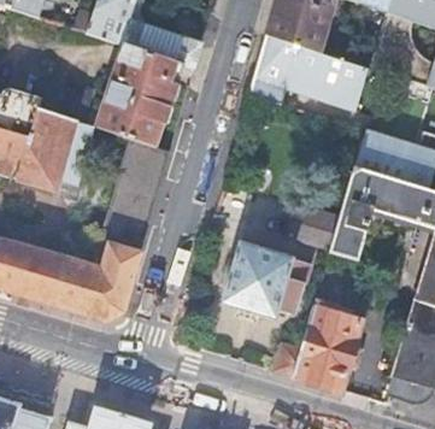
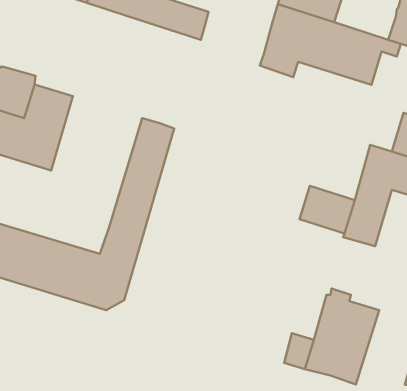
building: [96,43,184,145] -> none
building: [223,242,311,317] -> none

